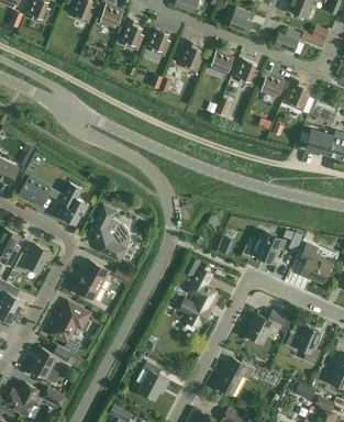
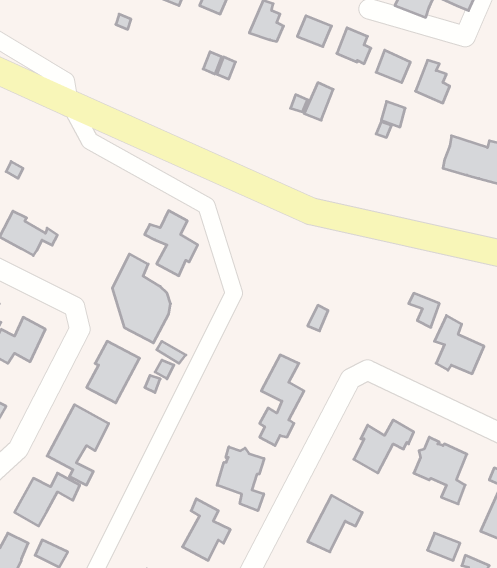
building: [54,182,88,224] -> [145,211,198,276]
building: [254,231,282,262] -> none
building: none -> [217,447,264,511]

